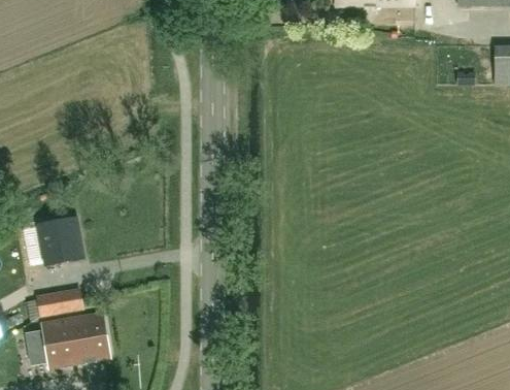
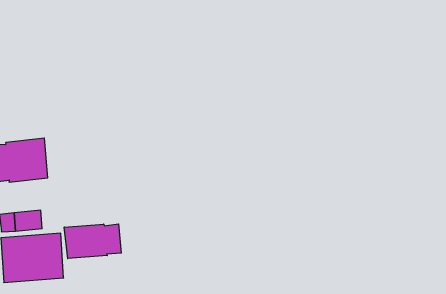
building: none -> [64,224,121,259]

